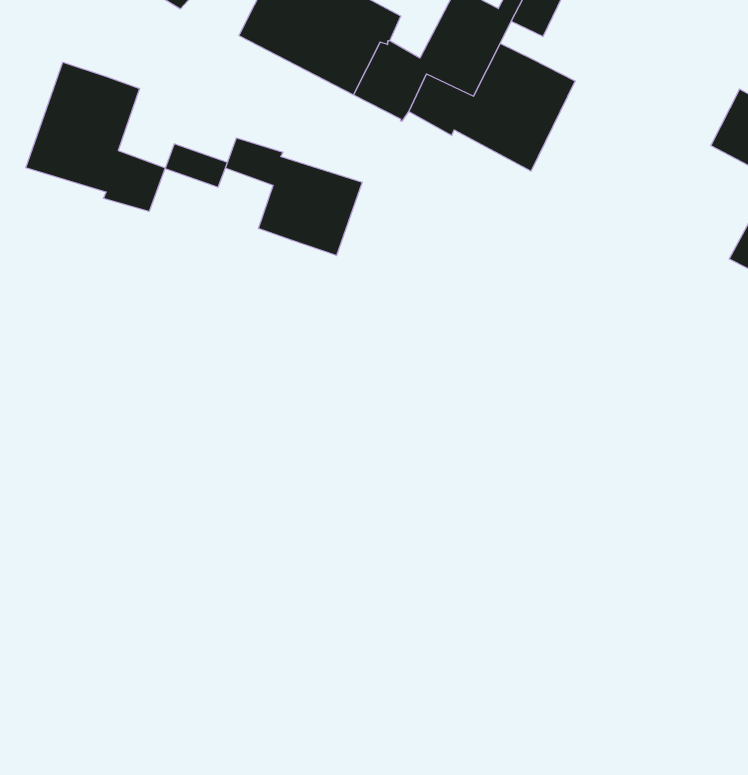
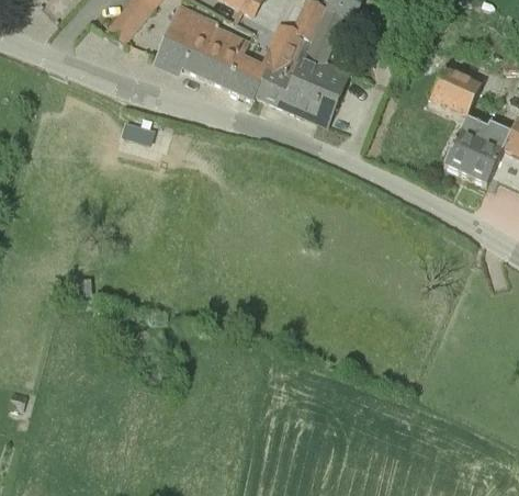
building: [26,62,165,211] -> none
building: [225,138,362,256] -> none

